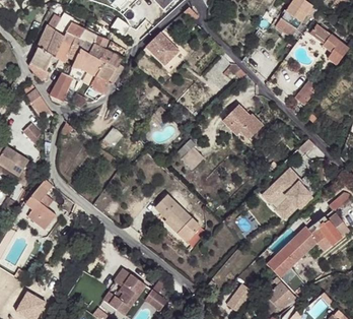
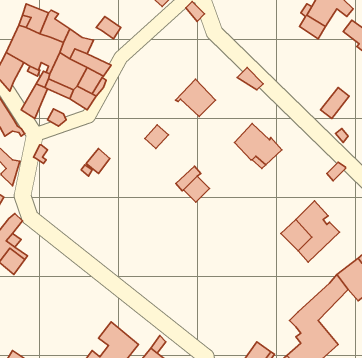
building: [144,33,177,63] -> [176,79,216,117]
building: [153,195,203,246] -> none

